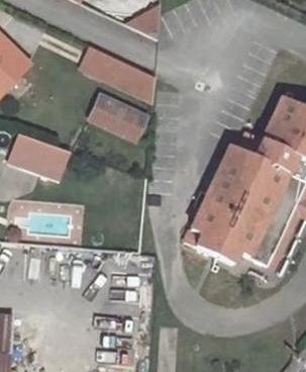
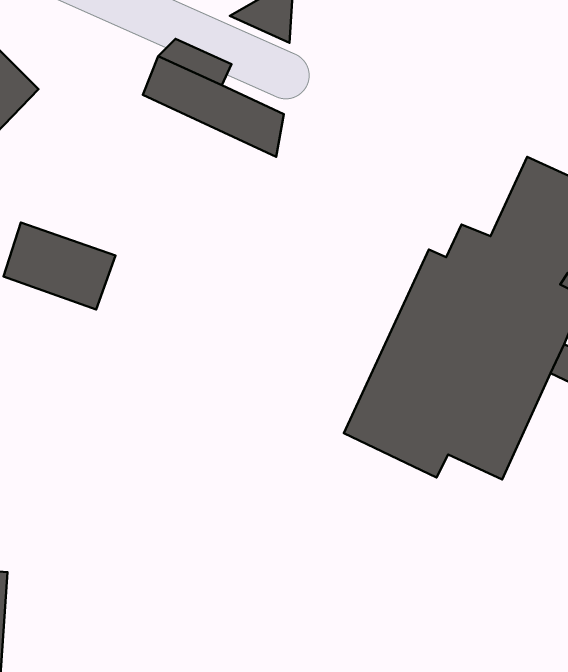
building: [89,96,145,140] -> none

